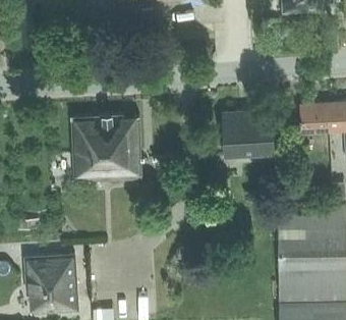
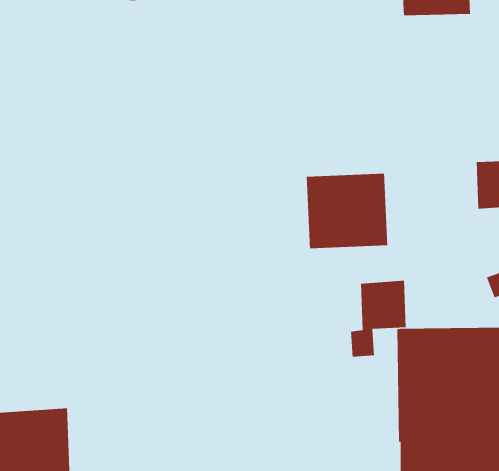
building: [294,102,329,150] -> [350,280,406,358]
building: [71,114,142,182] -> none

